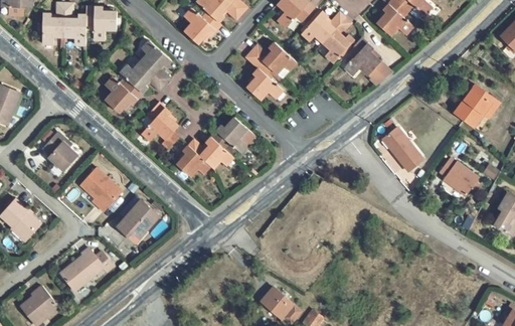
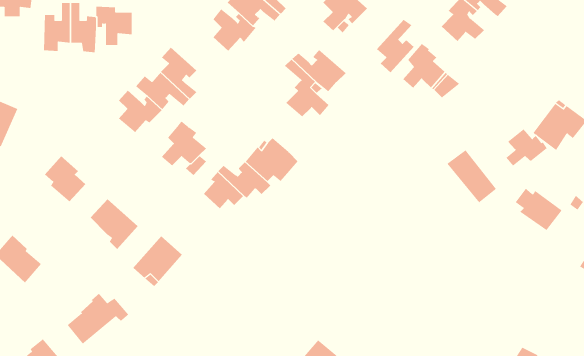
building: [301,11,345,42] -> none
building: none -> [505,128,547,167]

